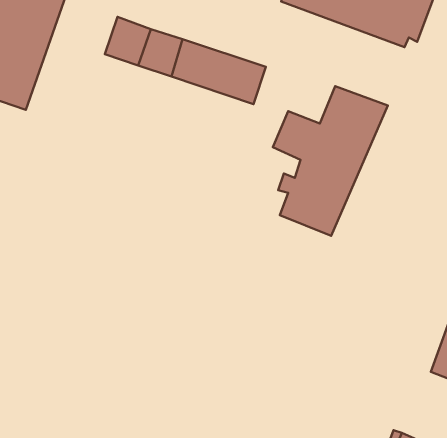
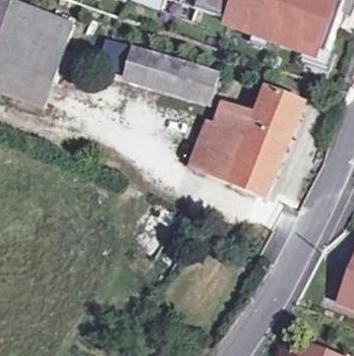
building: none -> [194,100,241,181]

